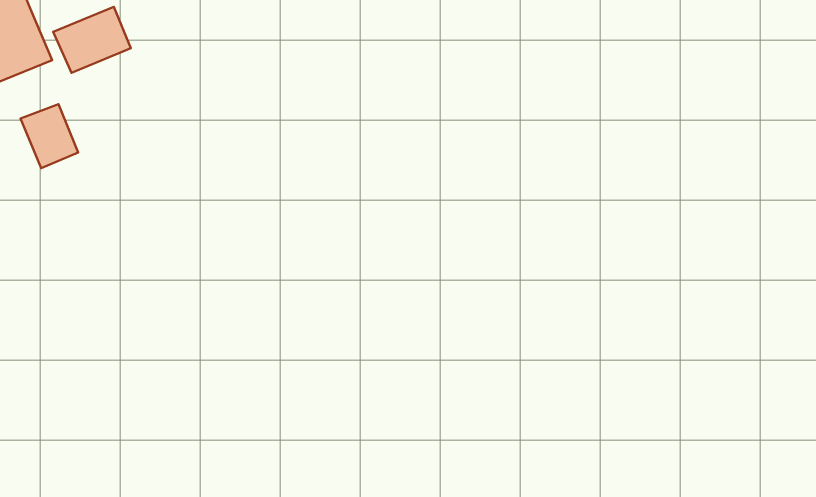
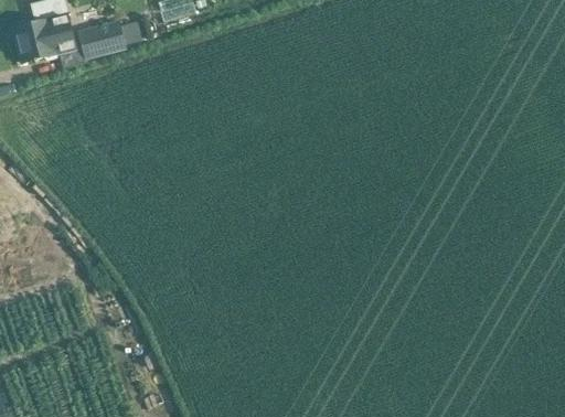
building: [20,104,78,168] -> none

